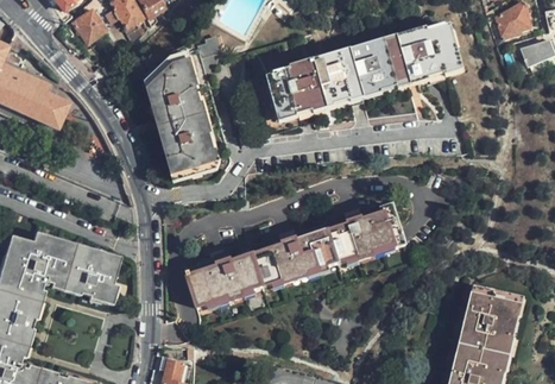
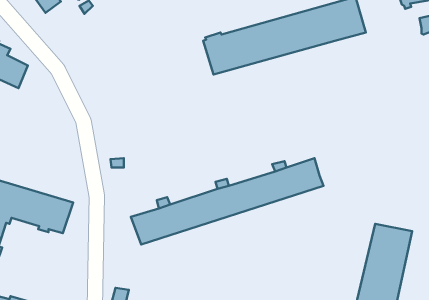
building: [146,37,219,177] -> none

